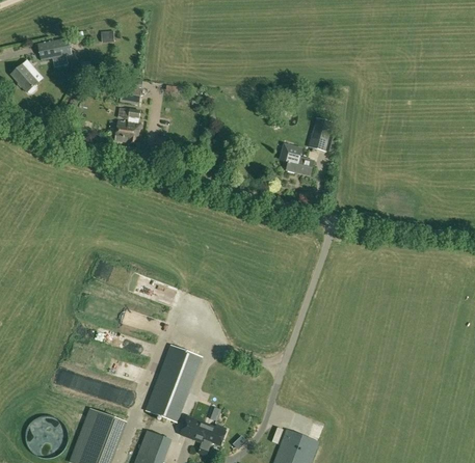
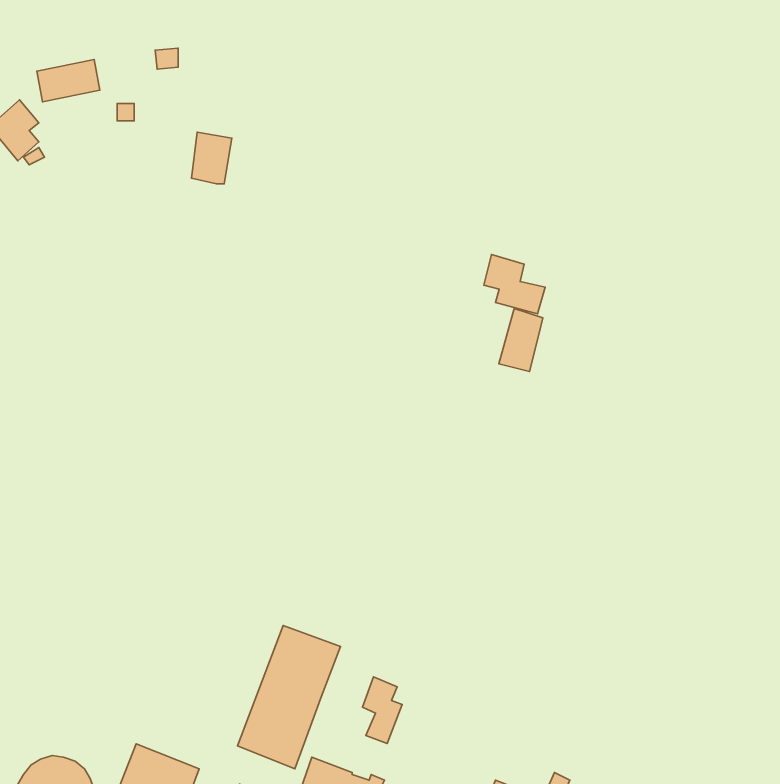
building: [114,108,140,145] -> none
building: [308,117,332,152] -> [499,308,543,371]
building: none -> [362,677,402,743]

